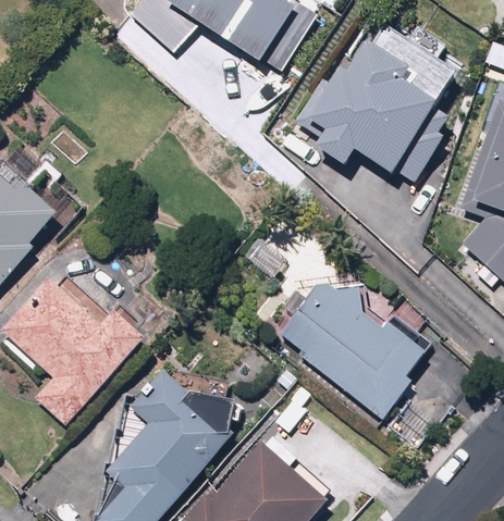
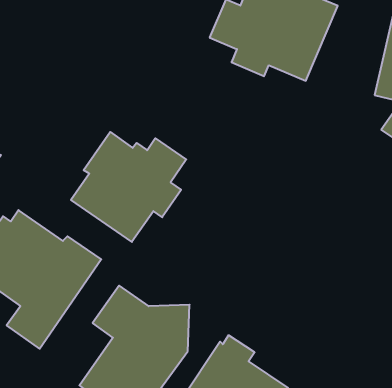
building: none -> [71,132,186,242]
building: [284,280,425,418] -> none

